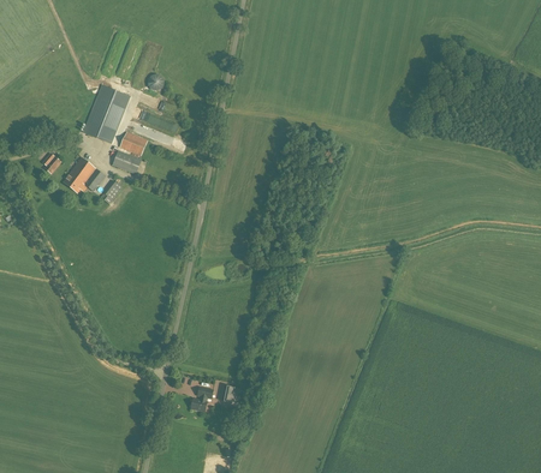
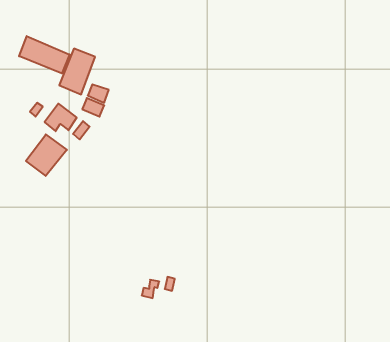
building: none -> [19,36,70,73]
building: none -> [26,134,67,176]

